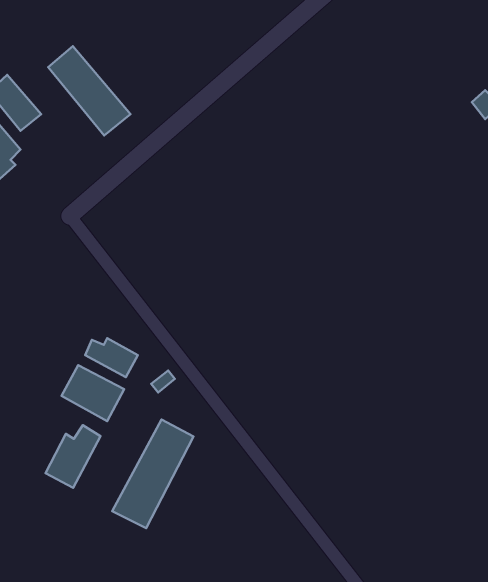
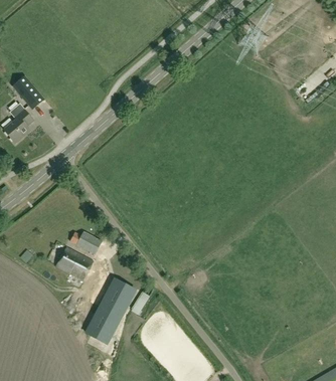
building: [48,46,131,135] -> none
building: [46,425,101,488] -> none

